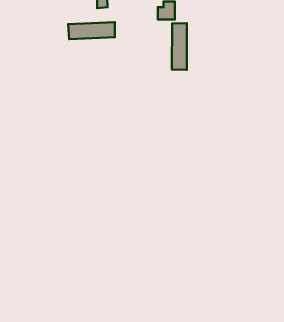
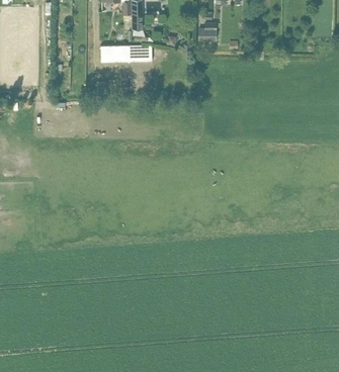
building: [172,23,187,70] -> none

